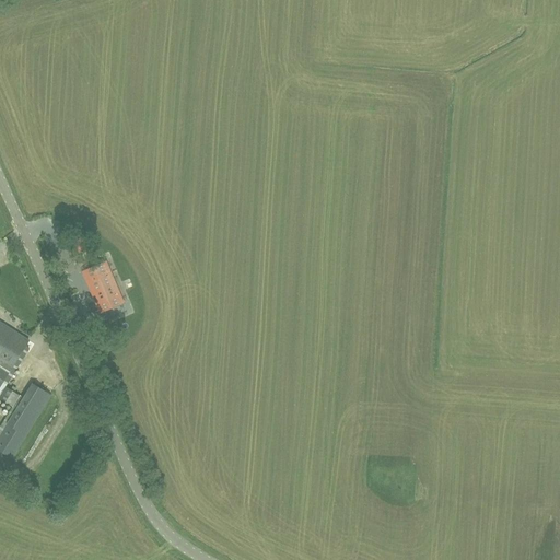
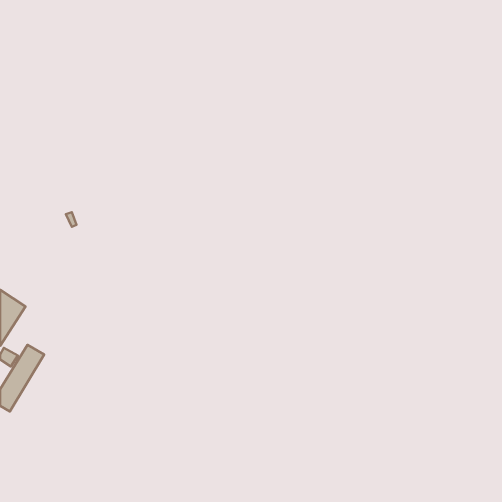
building: [82,261,124,314] -> none

